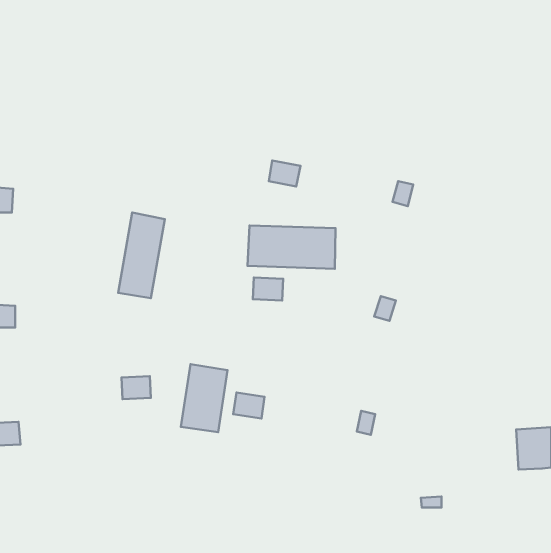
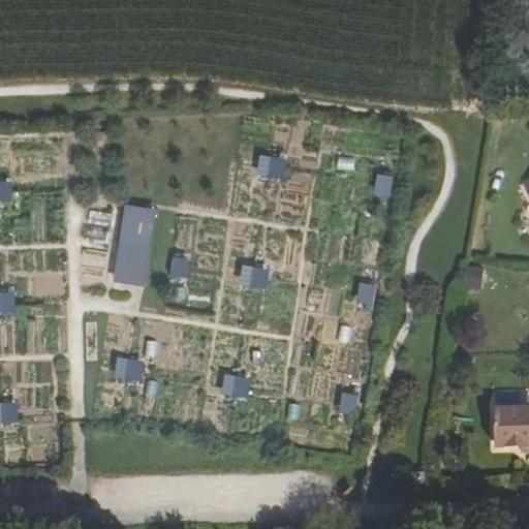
building: [248,225,336,269] -> none
building: [181,364,227,432] -> none

